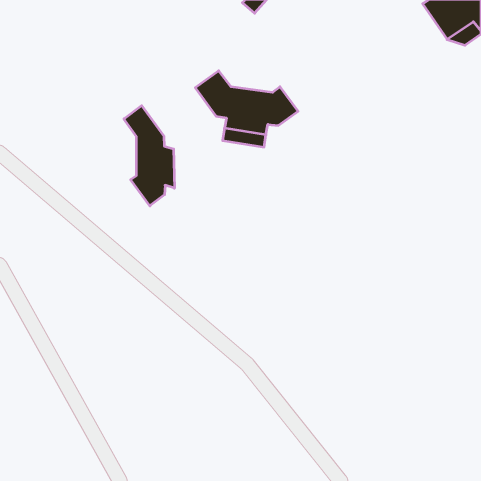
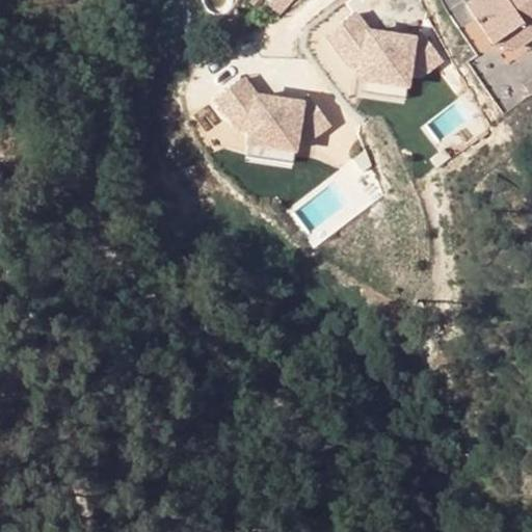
building: none -> [327,14,441,84]
building: [124,106,174,206] -> none

